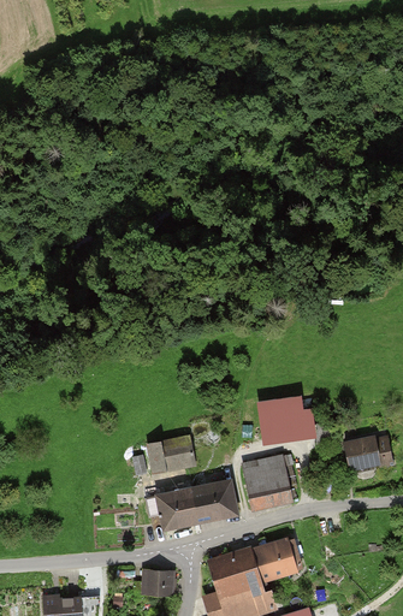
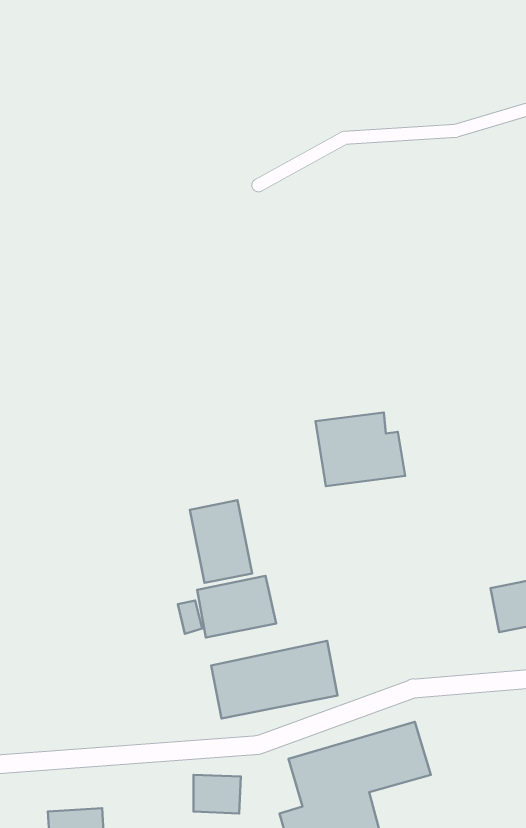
building: none -> [190,500,252,583]
building: [256,390,318,440] -> [315,412,405,486]
building: [239,456,302,511] -> none

